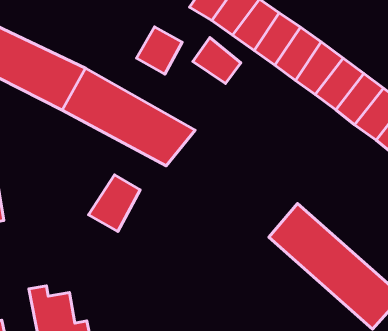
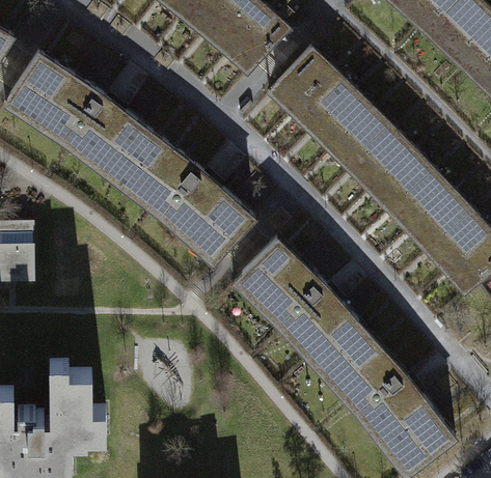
building: [137,27,182,74] -> none
building: [193,37,241,84] -> none
building: none -> [236,238,352,349]
building: [88,175,140,232] -> none

